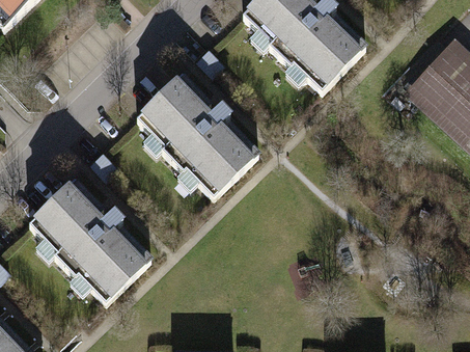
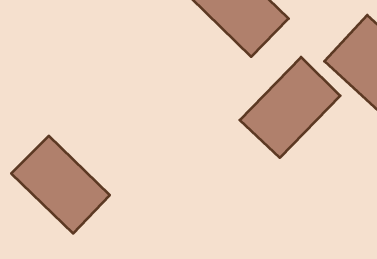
building: [140,75,257,192] -> none
building: none -> [240,57,340,158]

